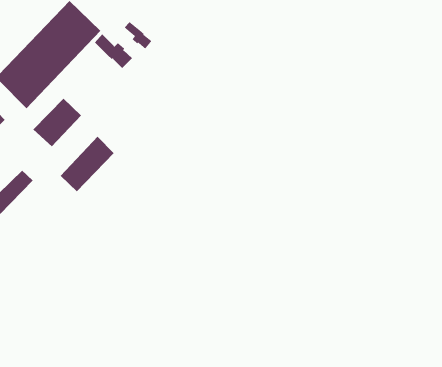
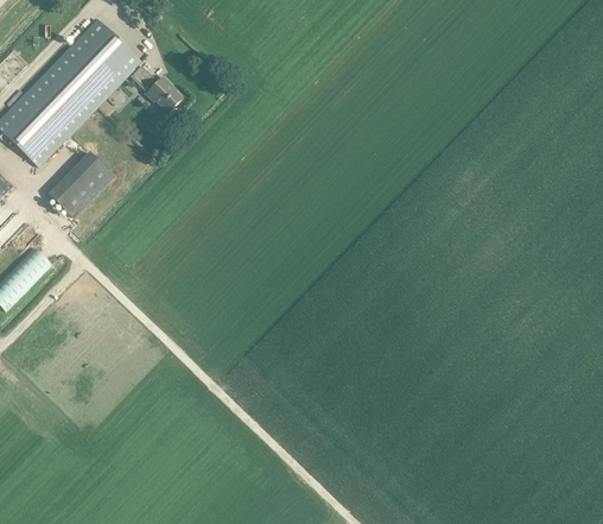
building: [124,21,152,50] -> none
building: [60,136,115,192] -> none

